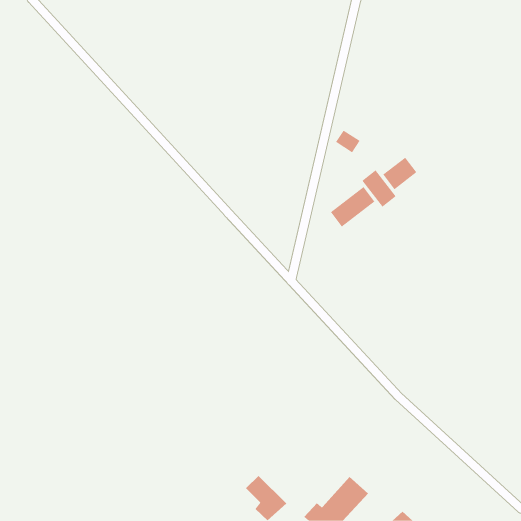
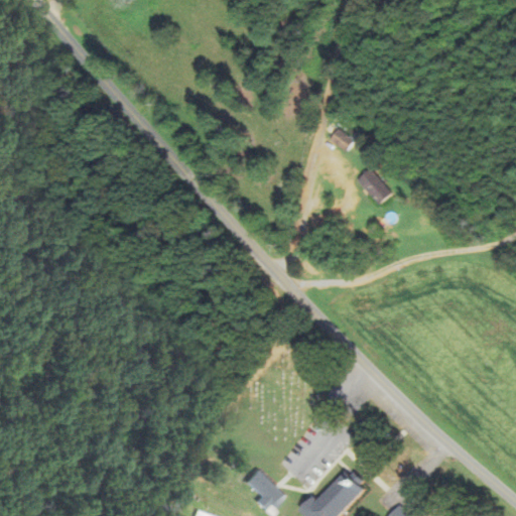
building: [382,157,417,190] -> none
building: [330,186,375,228] -> none

